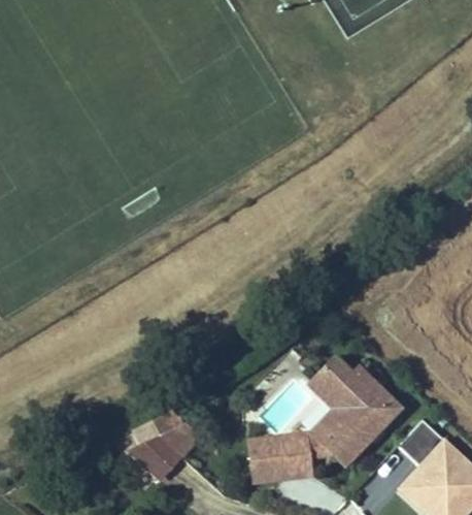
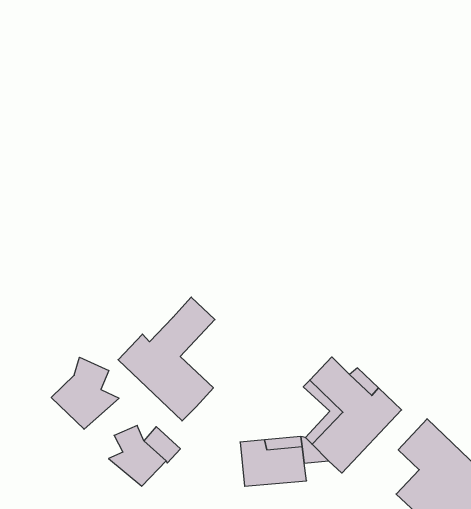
building: none -> [118,297,215,421]
building: none -> [51,357,119,429]

